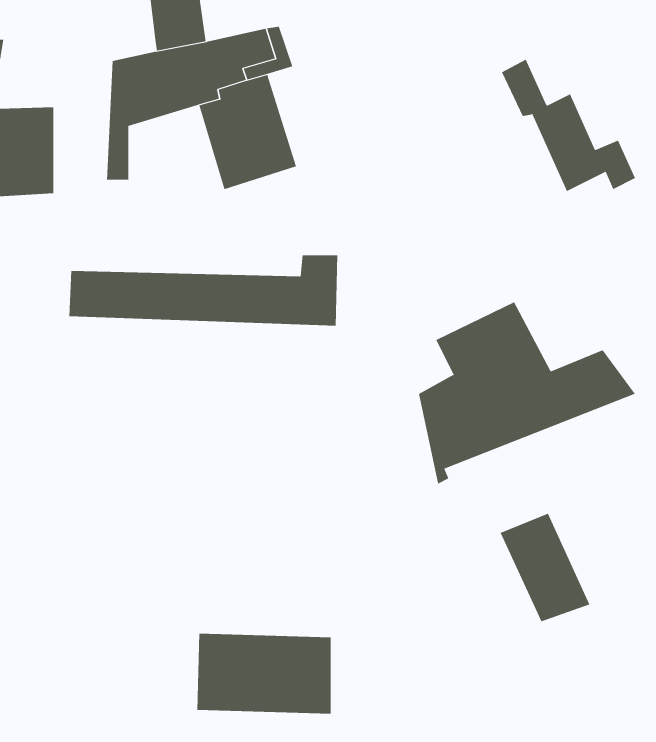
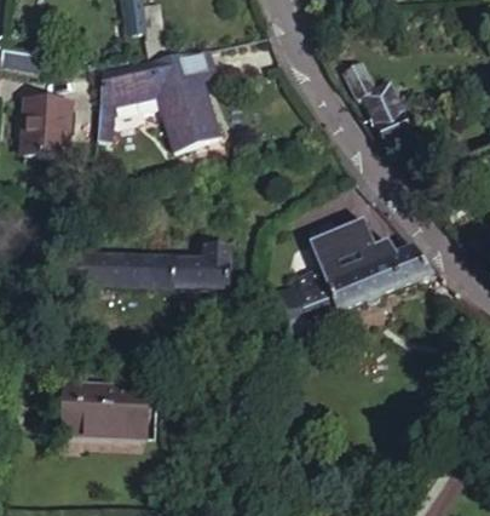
building: [69,255,338,326] -> [62,245,231,289]
building: [500,513,590,622] -> none
building: [196,633,331,714] -> [63,384,148,435]

